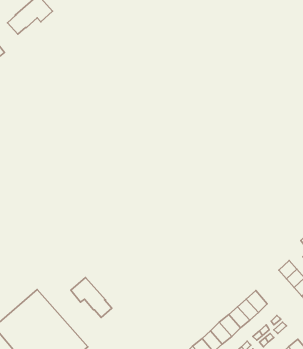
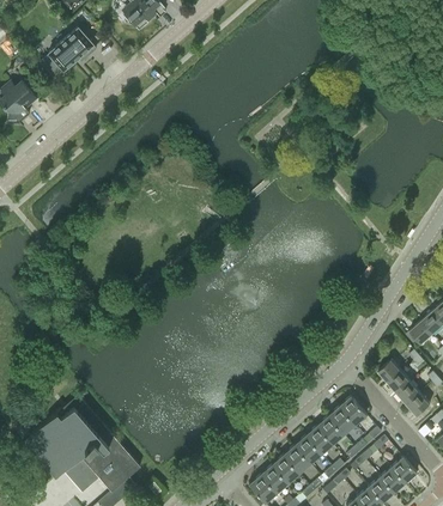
building: [71,277,112,317] -> none

